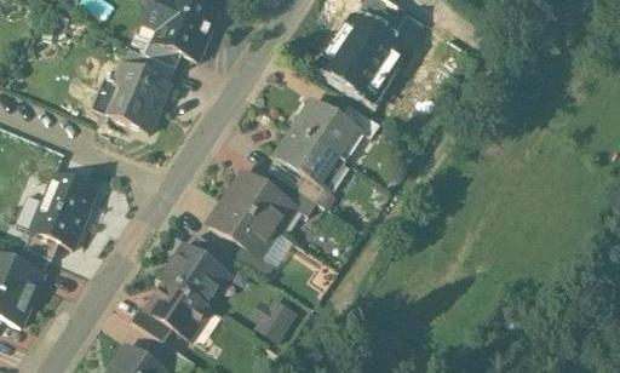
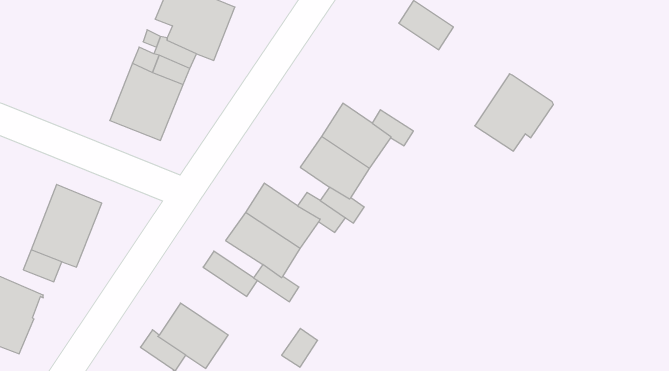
building: [331,23,402,93] -> [475,74,553,151]
building: [161,243,228,305] -> none

